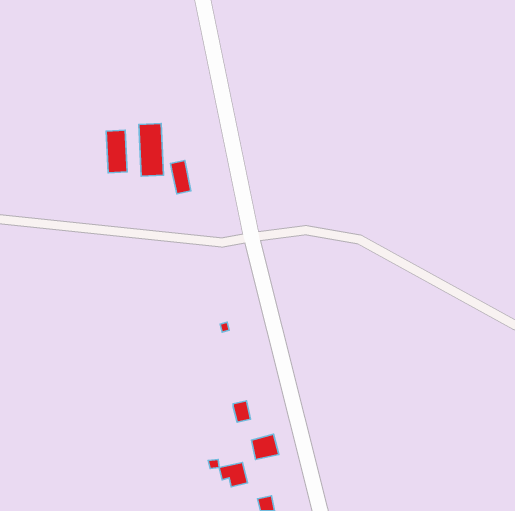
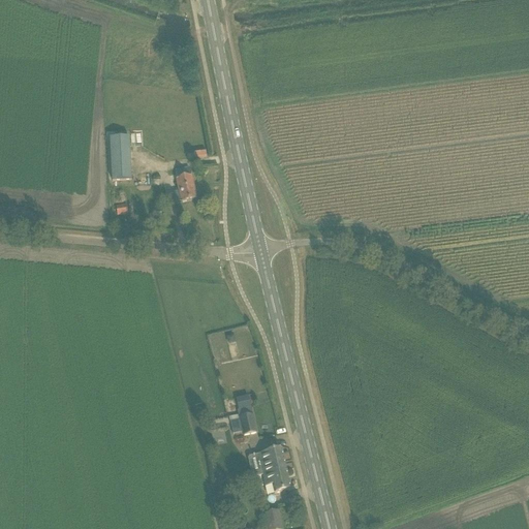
building: [139,124,164,176] -> none
building: [219,463,247,487] -> [261,465,290,490]

